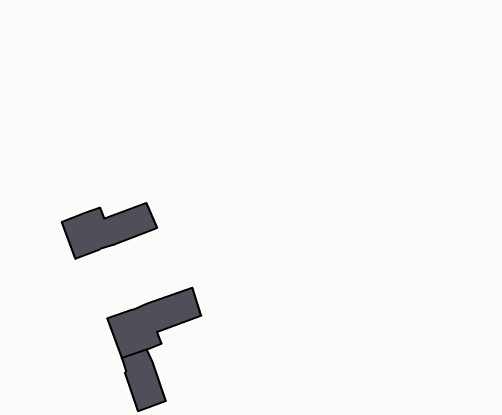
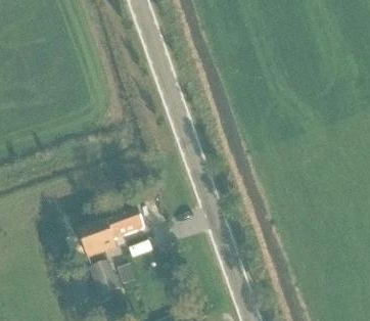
building: [62,203,157,259] -> none

